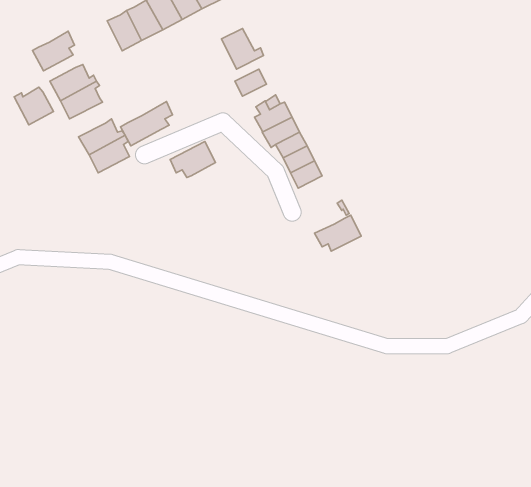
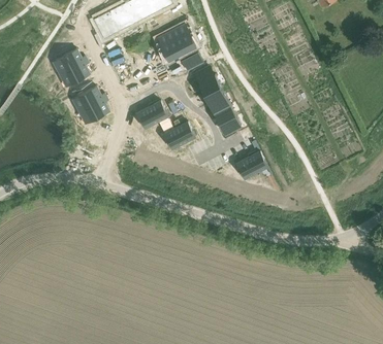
building: [32,31,75,71] -> none
building: none -> [156,32,181,62]
building: [14,87,54,125] -> none
building: [120,102,172,146] -> none
building: none -> [162,123,194,147]

